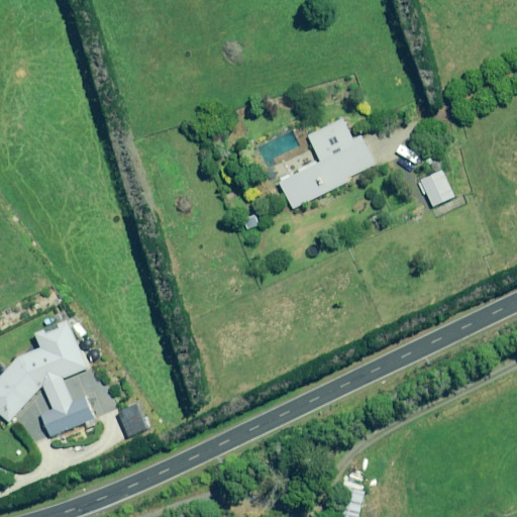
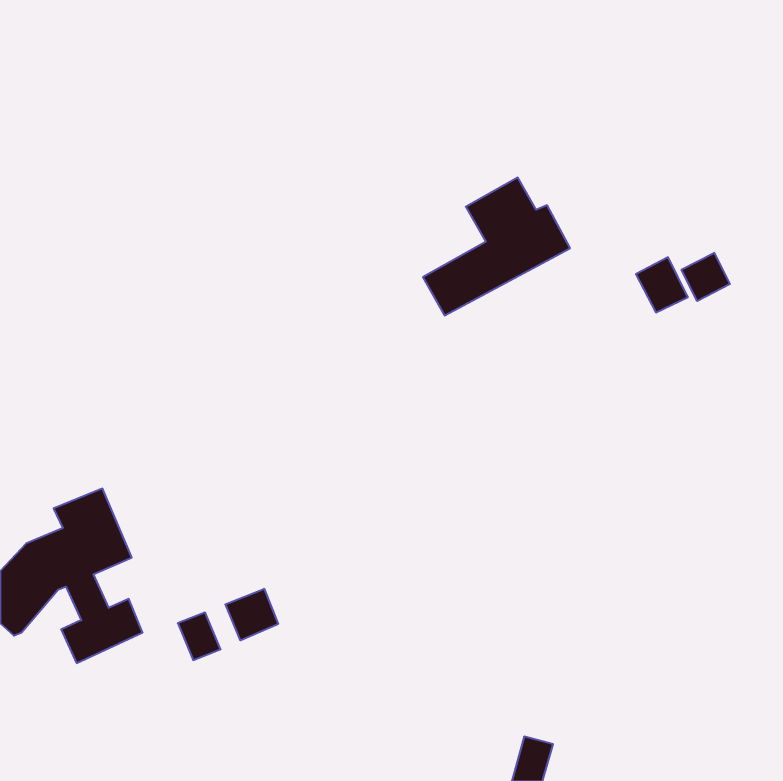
building: none -> [682,253,730,301]
building: none -> [225,589,278,640]

